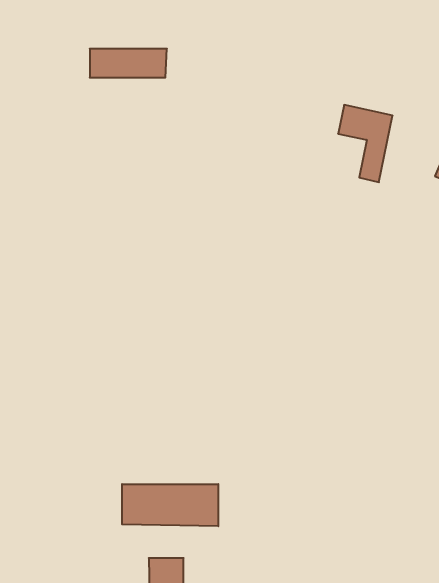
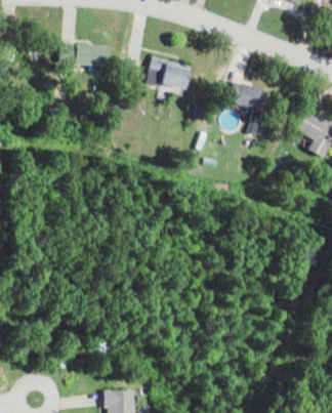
building: none -> [148,59,198,91]
building: [122,484,218,526] -> none

